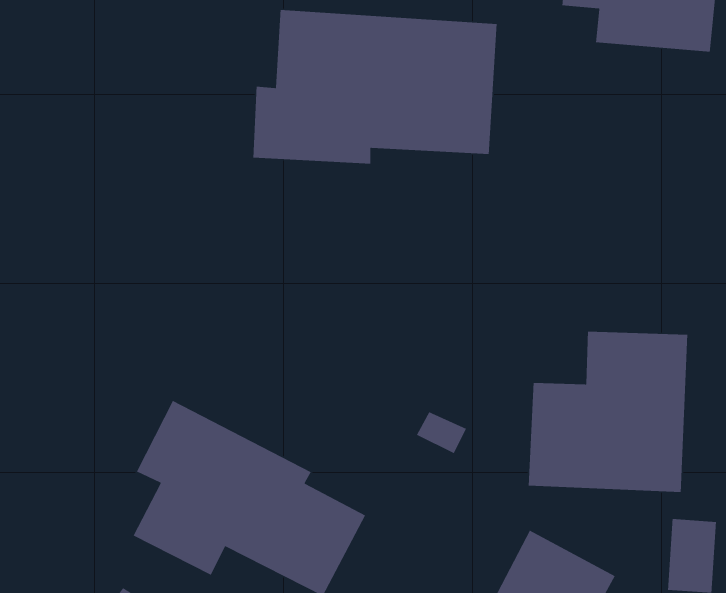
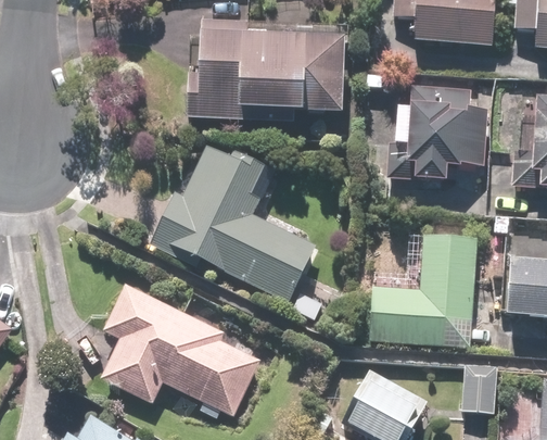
building: none -> [387,81,488,180]
building: none -> [154,136,317,302]

